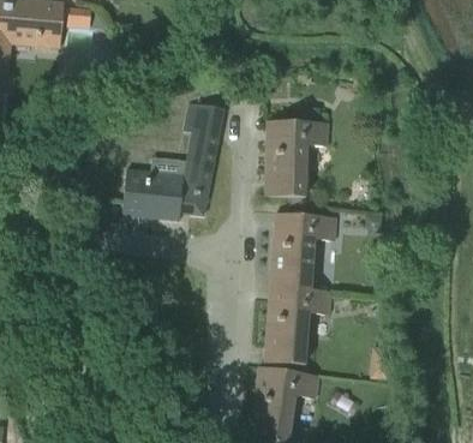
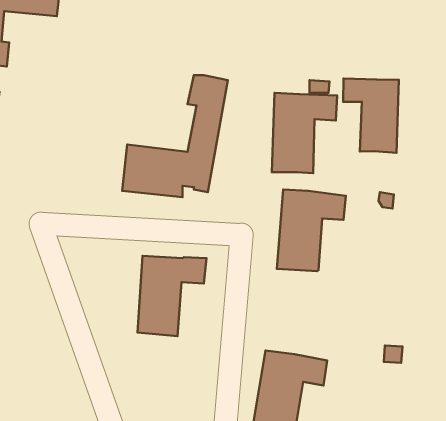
building: none -> [343,79,399,153]
building: [265,288,331,365] -> [137,256,206,336]

